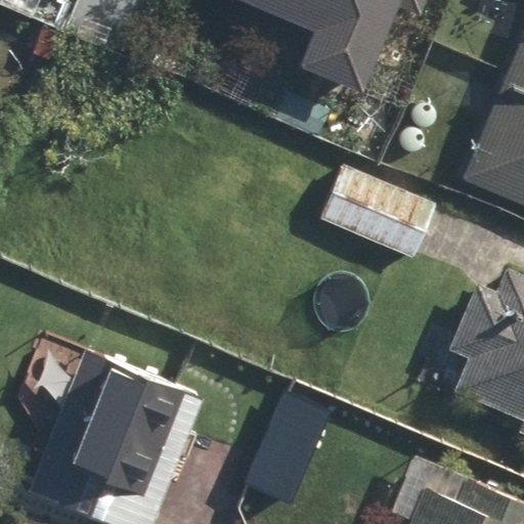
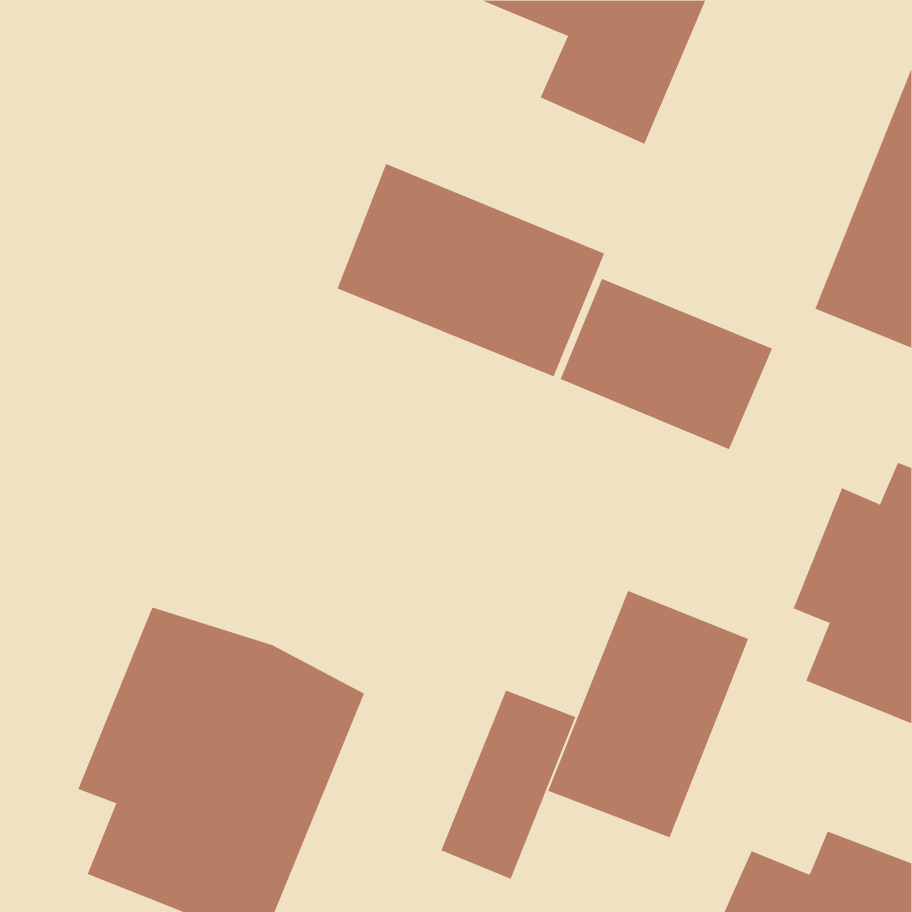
building: none -> [337,163,605,377]
building: none -> [547,590,749,838]

